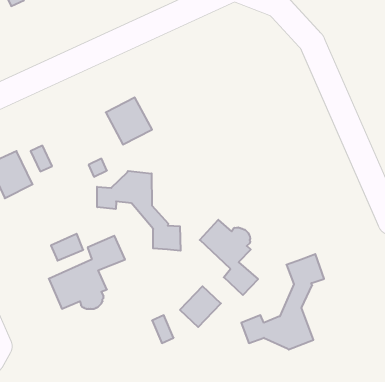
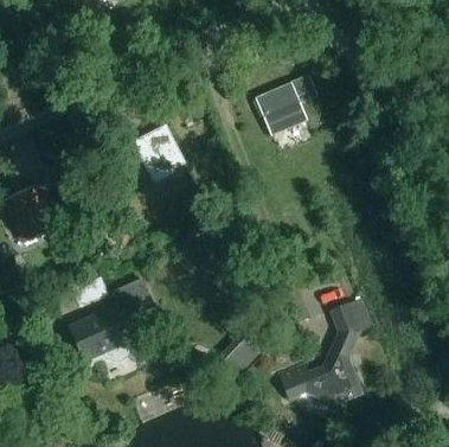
building: none -> [252,75,315,135]
building: [97,171,181,251] -> none
building: [200,220,258,295] -> none

